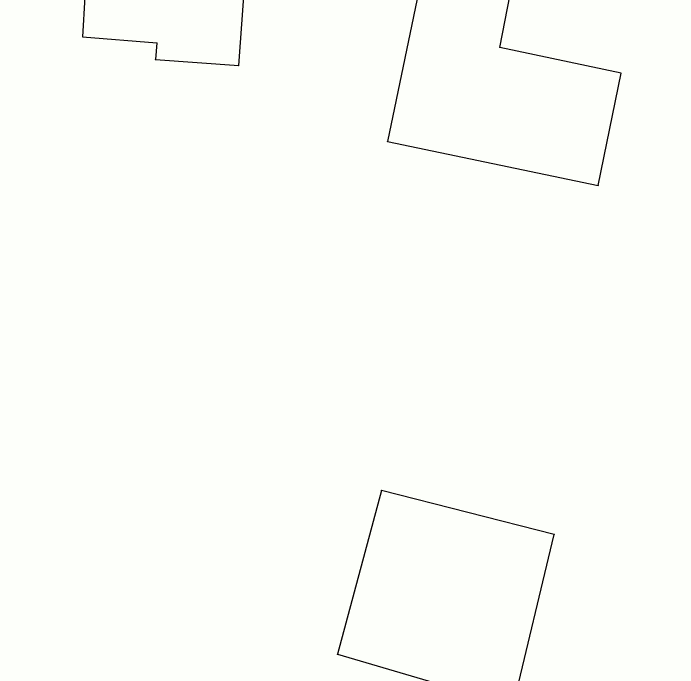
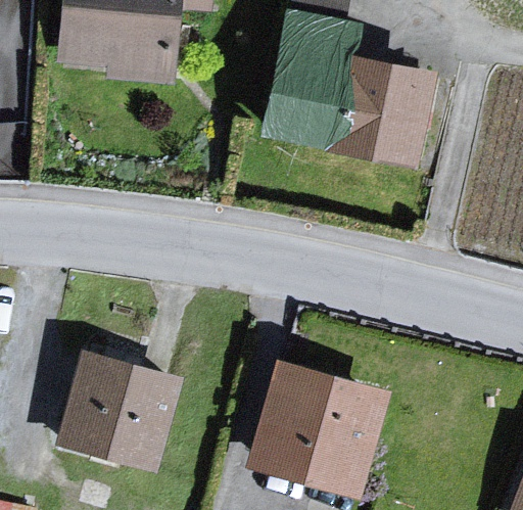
building: none -> [58,352,181,473]

